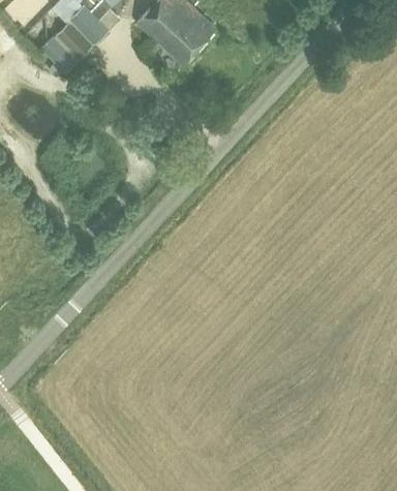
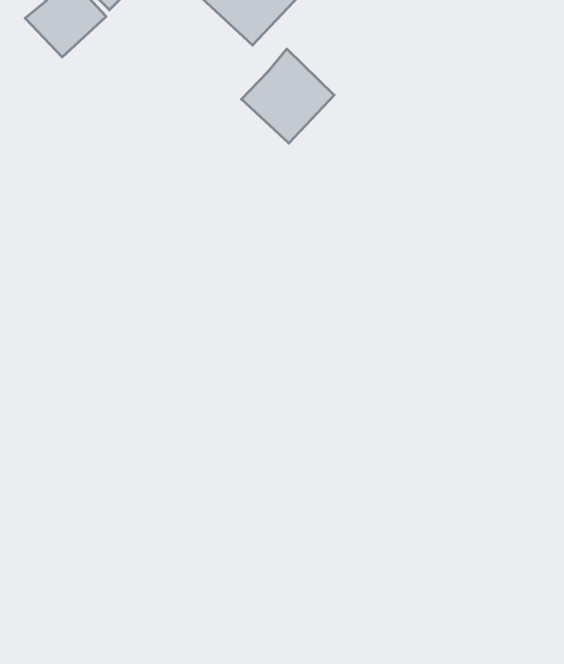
building: none -> [241,49,334,143]

